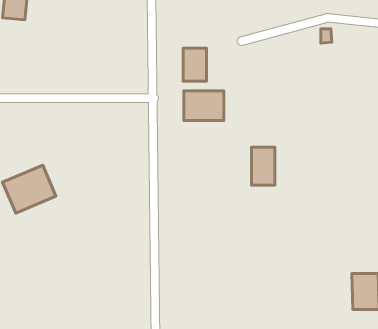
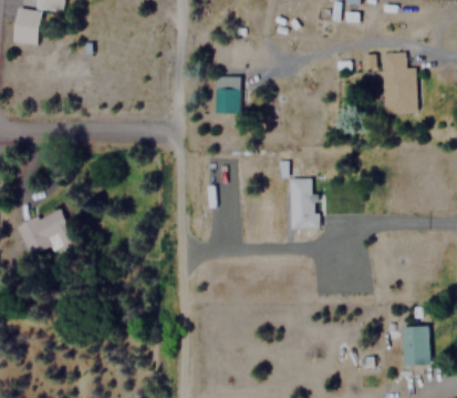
building: none -> [381,53,416,113]
building: [184,91,224,121] -> none

